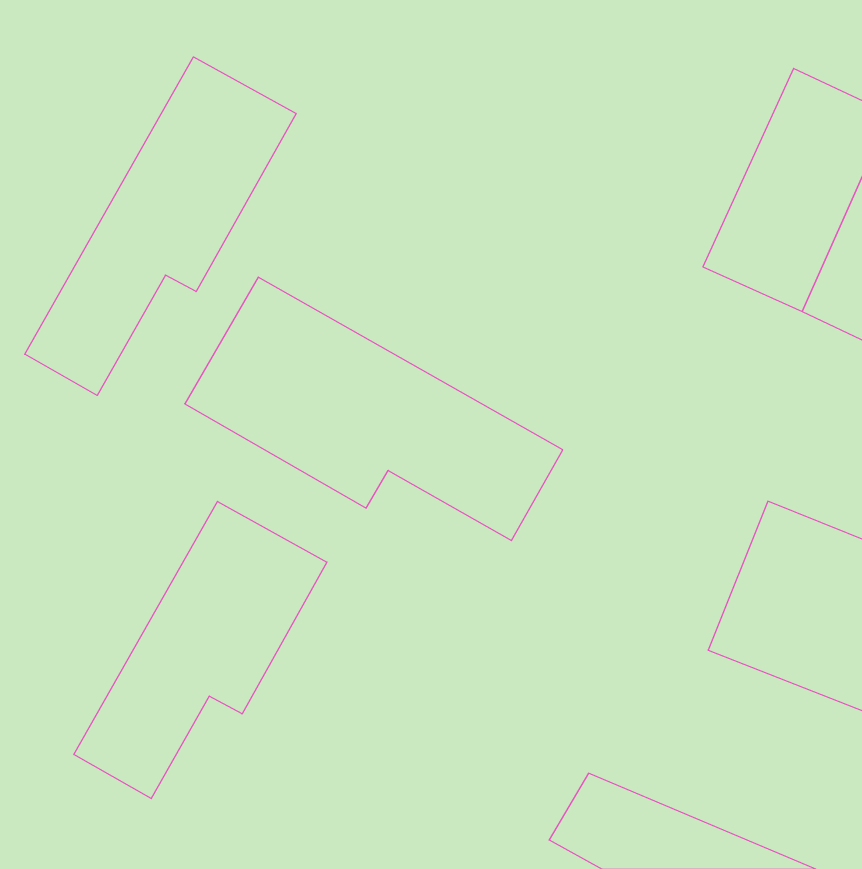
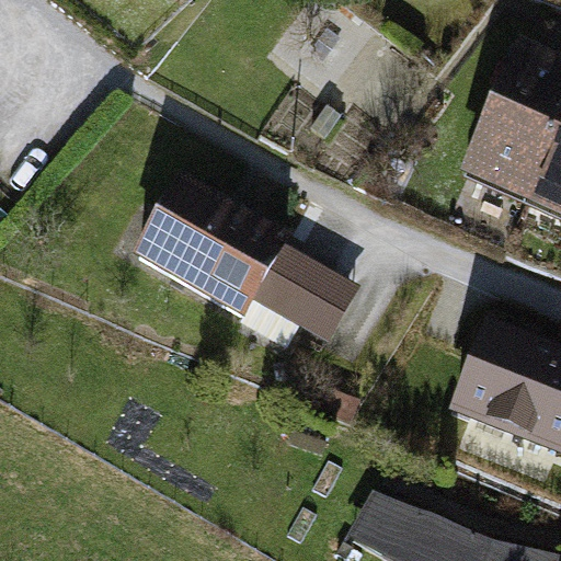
building: [25,57,296,395] -> none
building: [74,501,327,799] -> none

